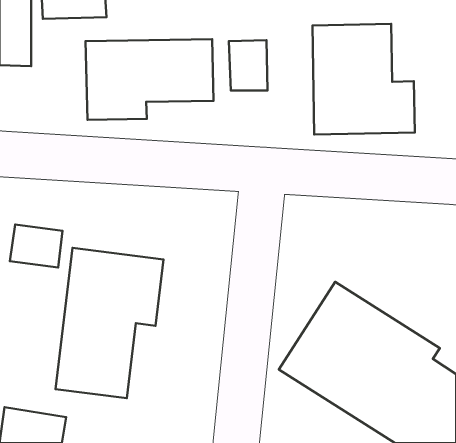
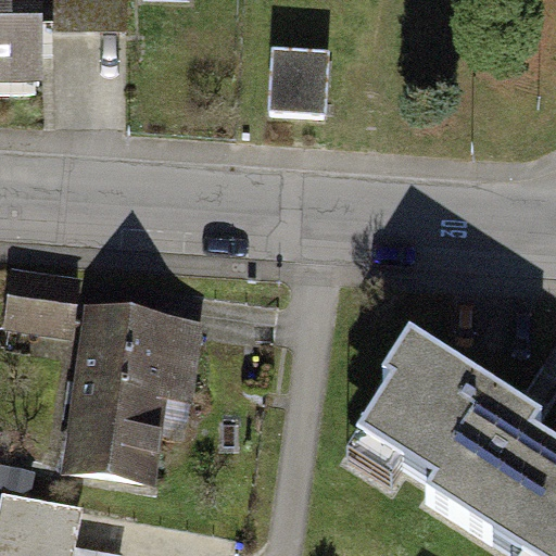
building: [313,24,415,135] -> none
building: [86,39,213,120] -> none

